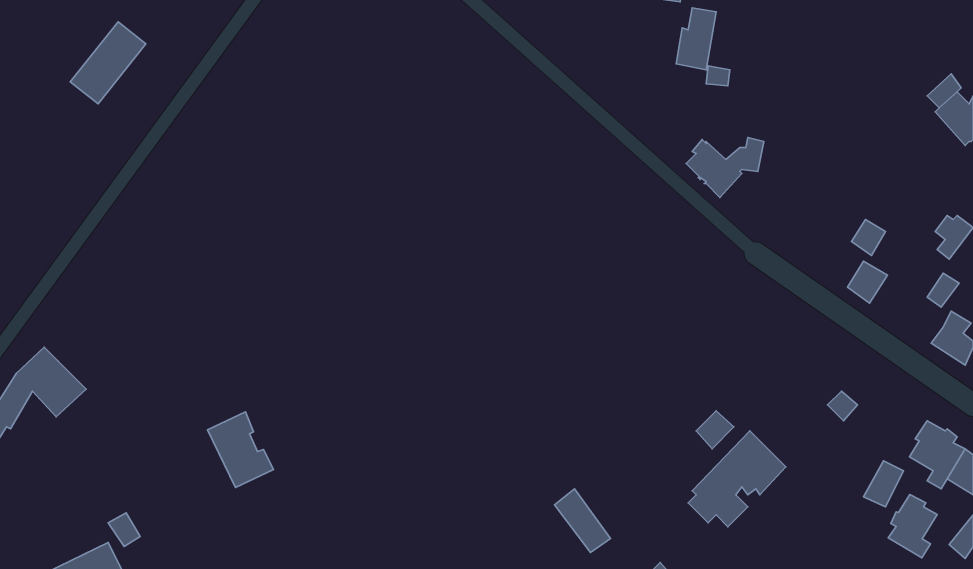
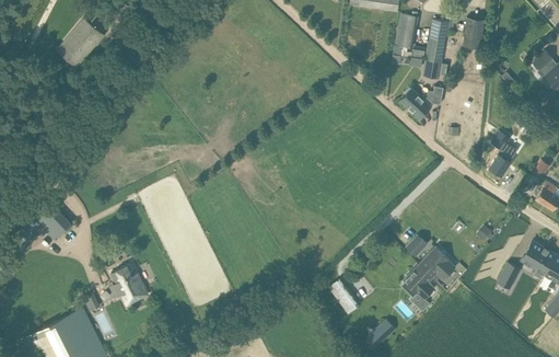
building: none -> [463,18,484,48]
building: none -> [423,19,449,79]
building: [208,412,273,488] -> [112,263,148,304]
building: [888,495,937,558] -> none

